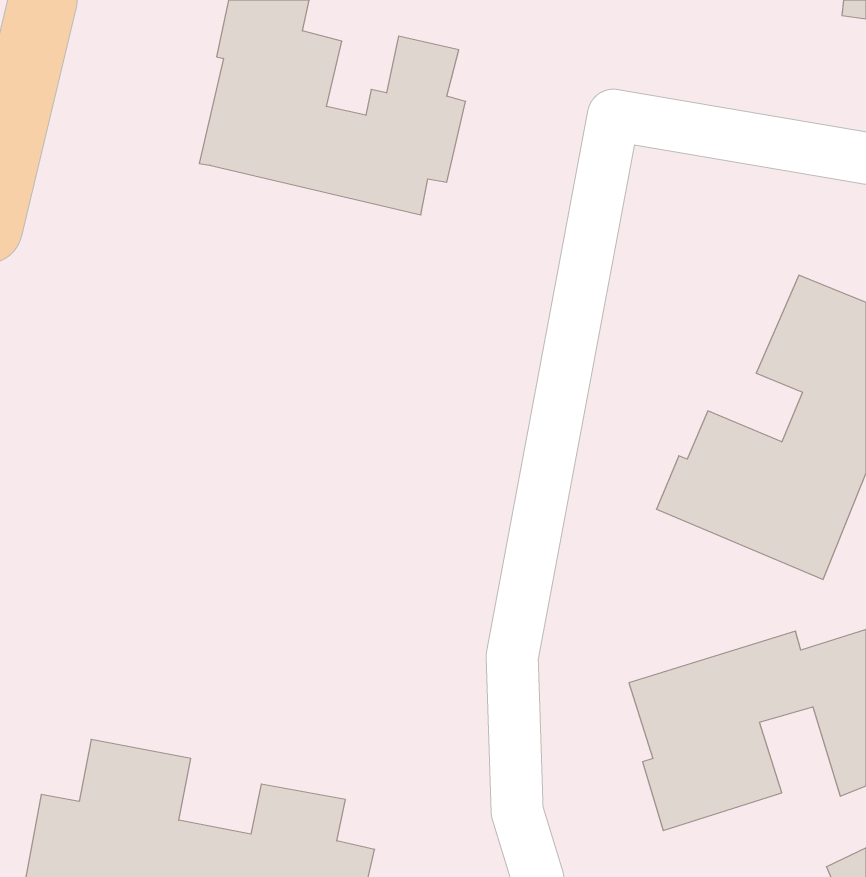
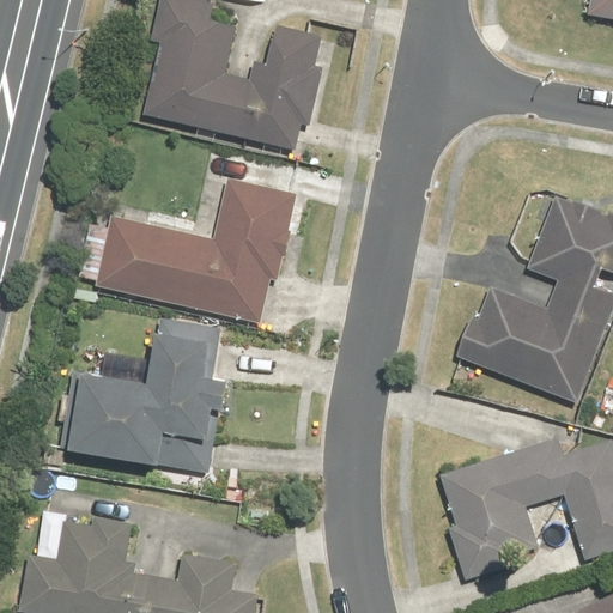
building: none -> [92,181,299,323]
building: none -> [57,316,236,473]

